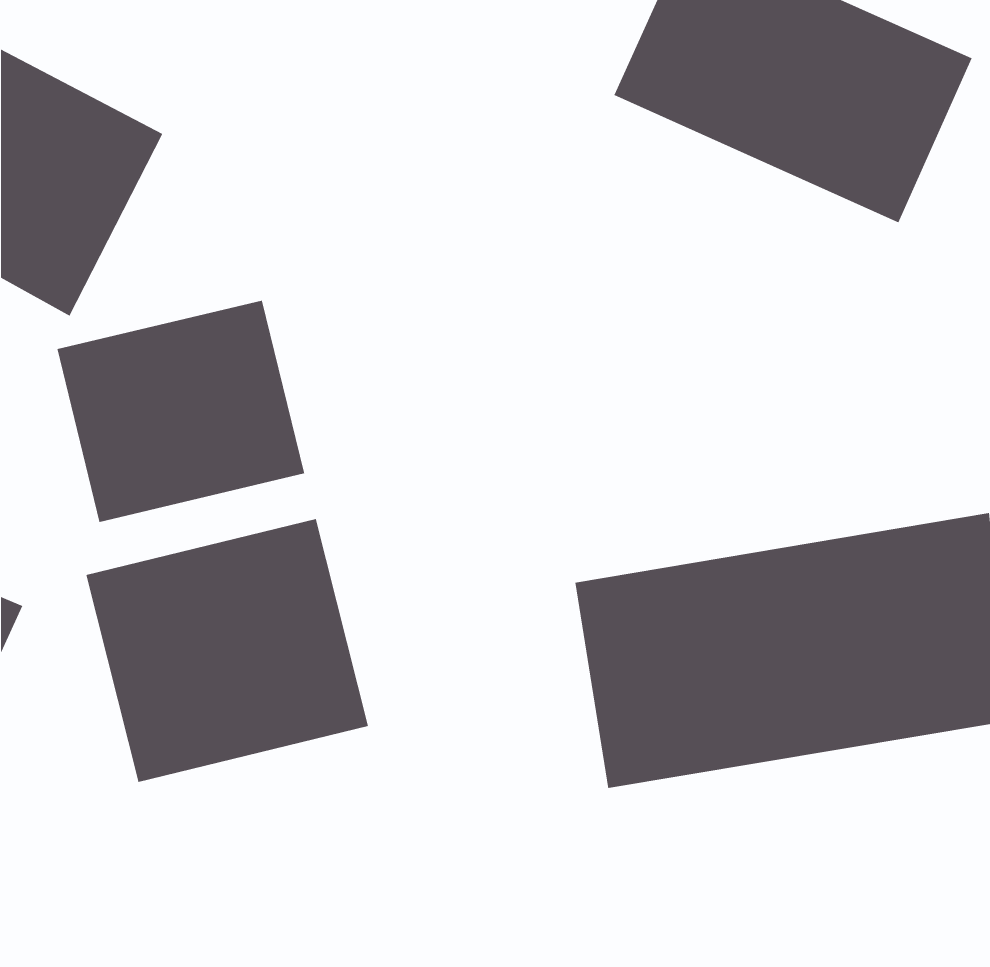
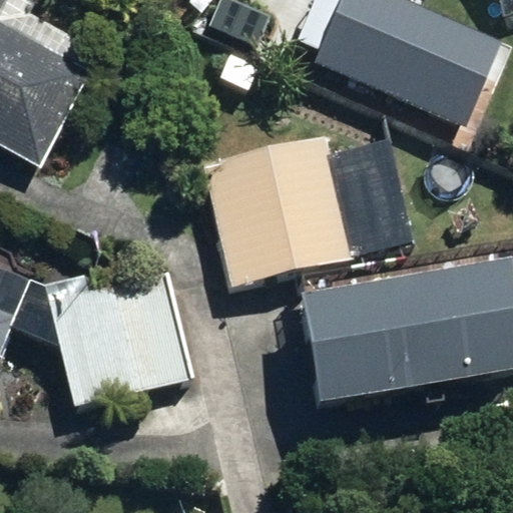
building: none -> [201,134,350,284]
building: [57,300,305,523] -> none

